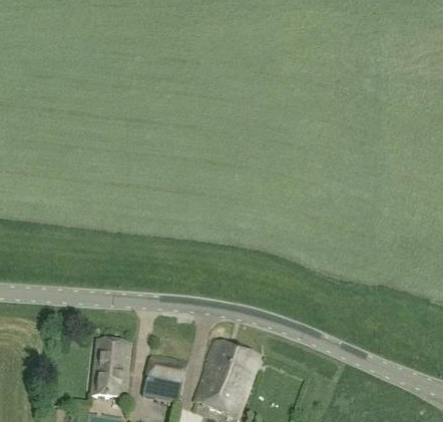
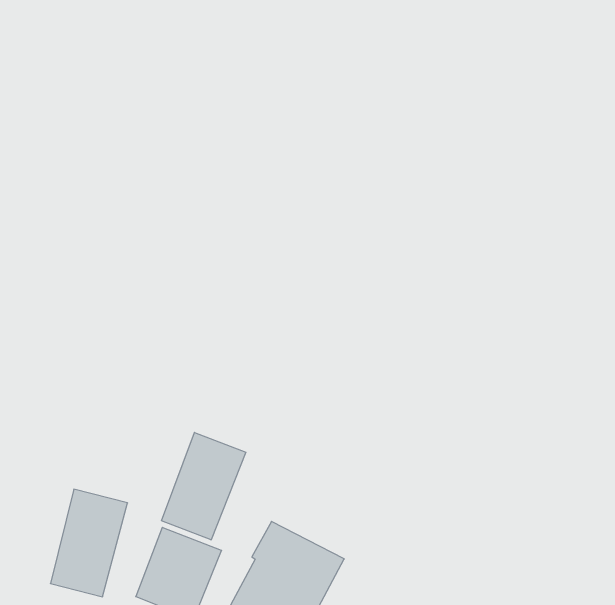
building: none -> [161,432,246,540]

